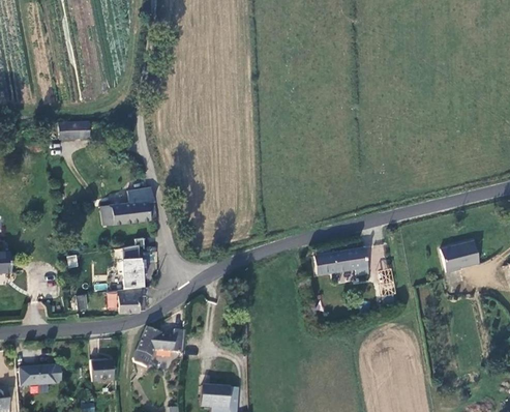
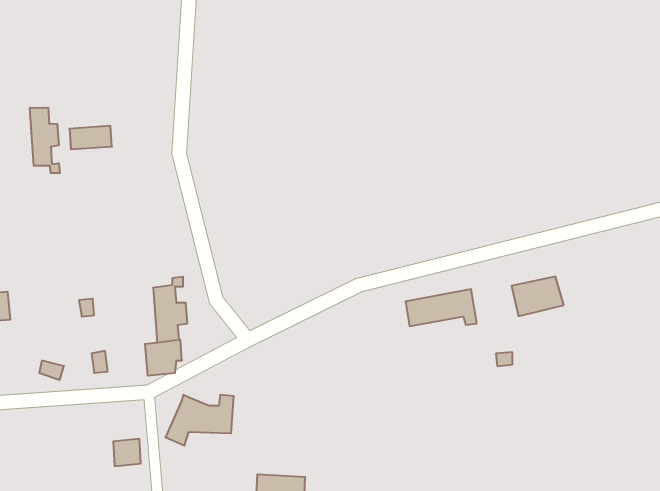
building: none -> [30,108,60,173]
building: [101,187,157,226] -> none
building: [438,240,477,270] -> [512,276,564,316]
building: [20,365,58,385] -> none

